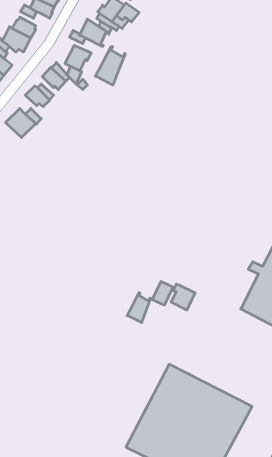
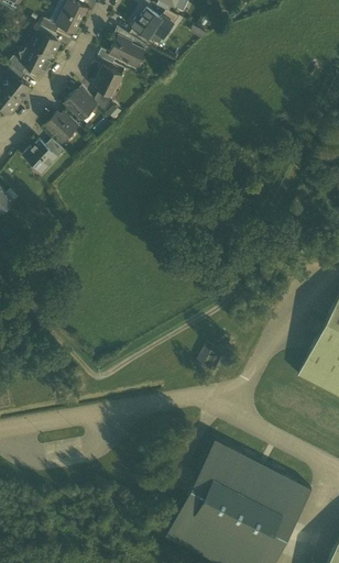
building: [95,47,125,85] -> none
building: [171,284,195,310] -> none
building: [127,293,151,323] -> none

